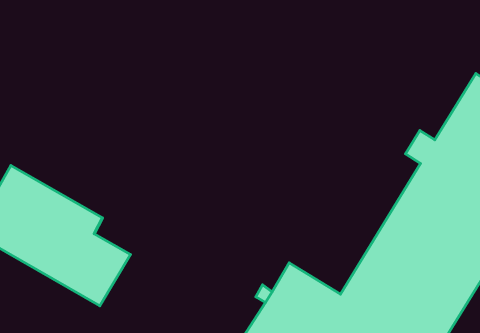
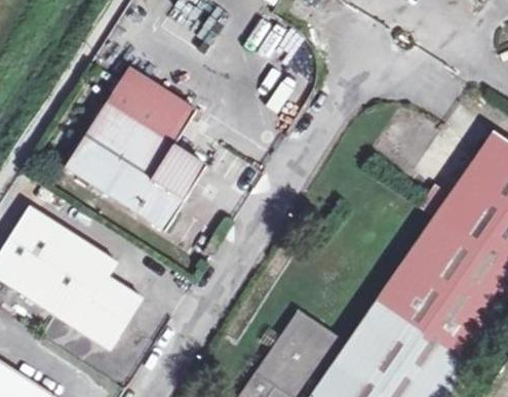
building: none -> [67,76,206,225]

